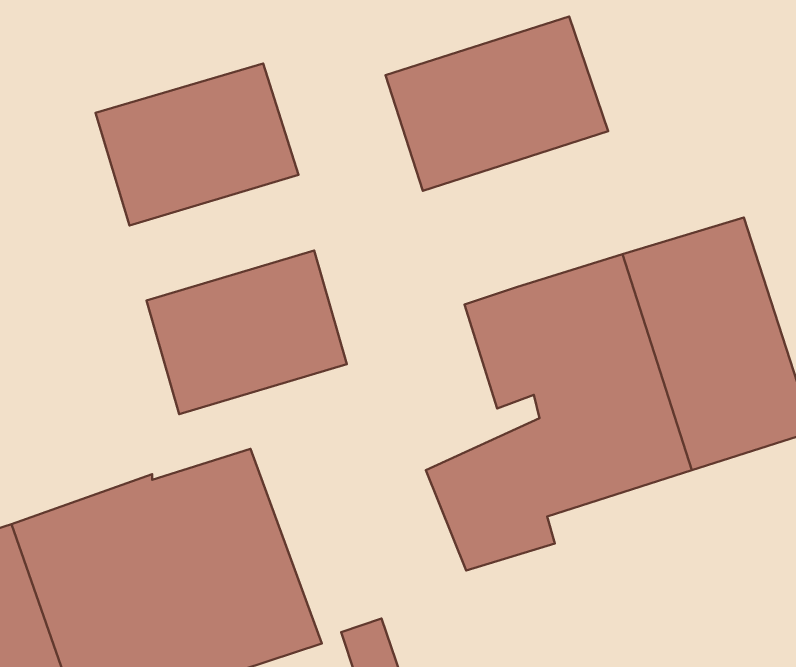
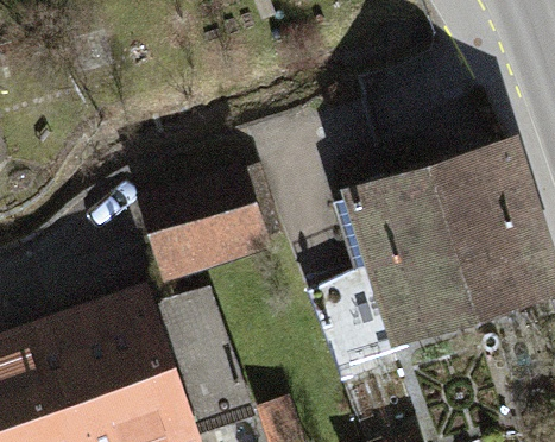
building: [385,17,608,191] -> none
building: [96,63,299,225] -> none

